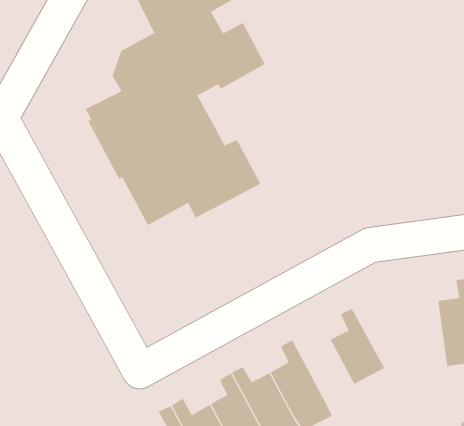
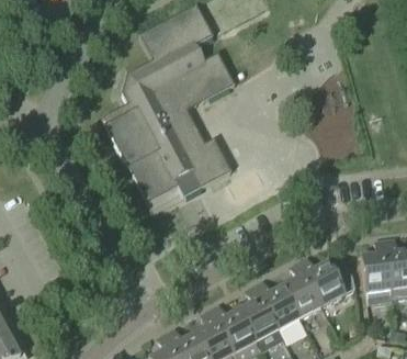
building: none -> [298,255,355,304]
building: none -> [255,279,299,328]

